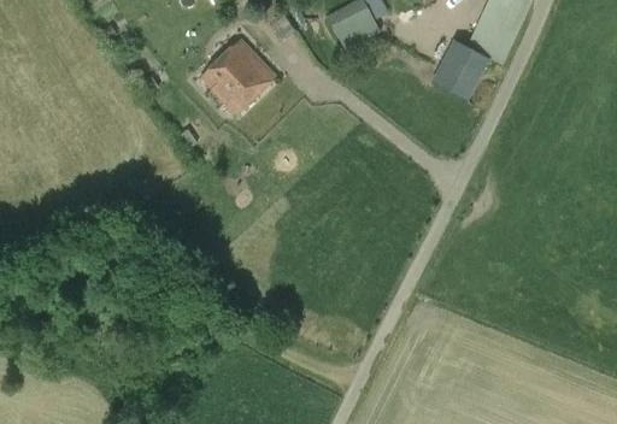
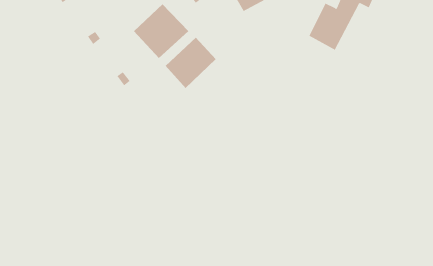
building: none -> [165,37,217,89]

